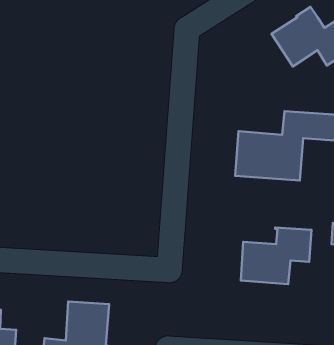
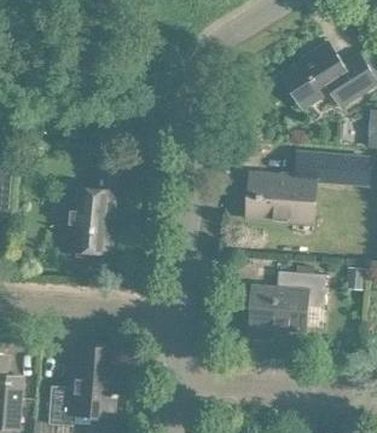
building: none -> [69,164,127,253]

